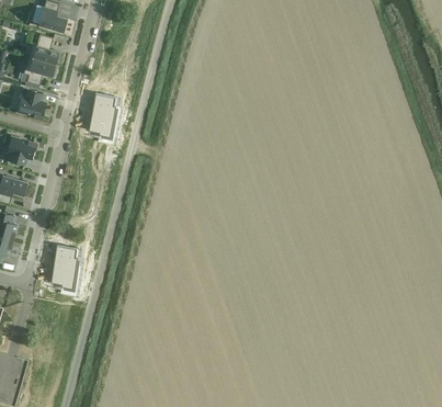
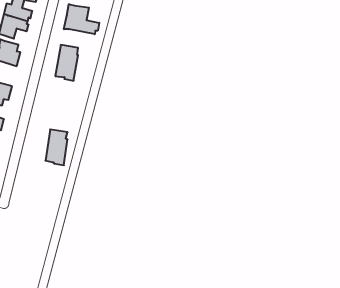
building: none -> [64,4,99,34]
building: [50,246,77,289] -> [45,129,68,165]

